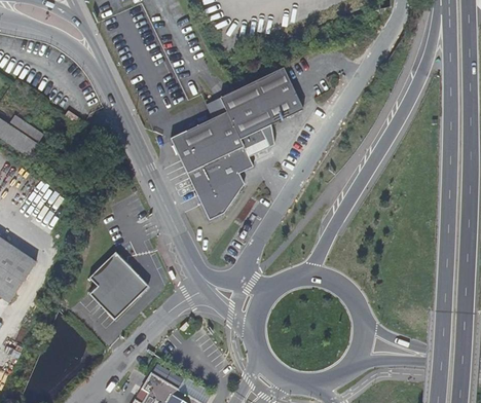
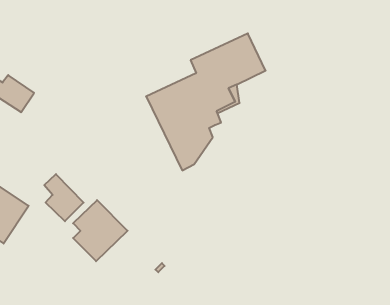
building: none -> [44,174,84,221]

